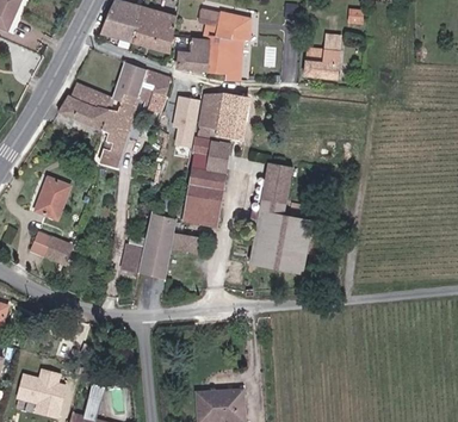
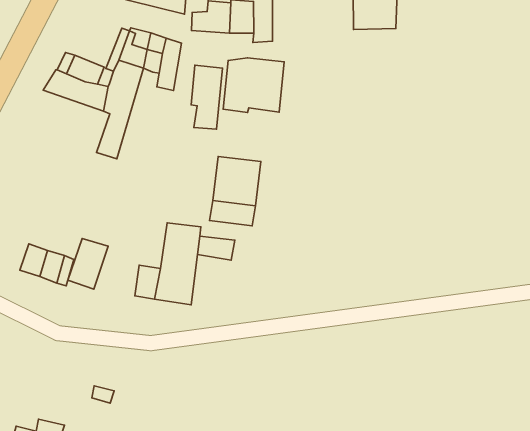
building: [192,136,230,176] -> none
building: [255,161,316,268] -> none
building: [38,180,72,221] -> [68,238,108,289]

